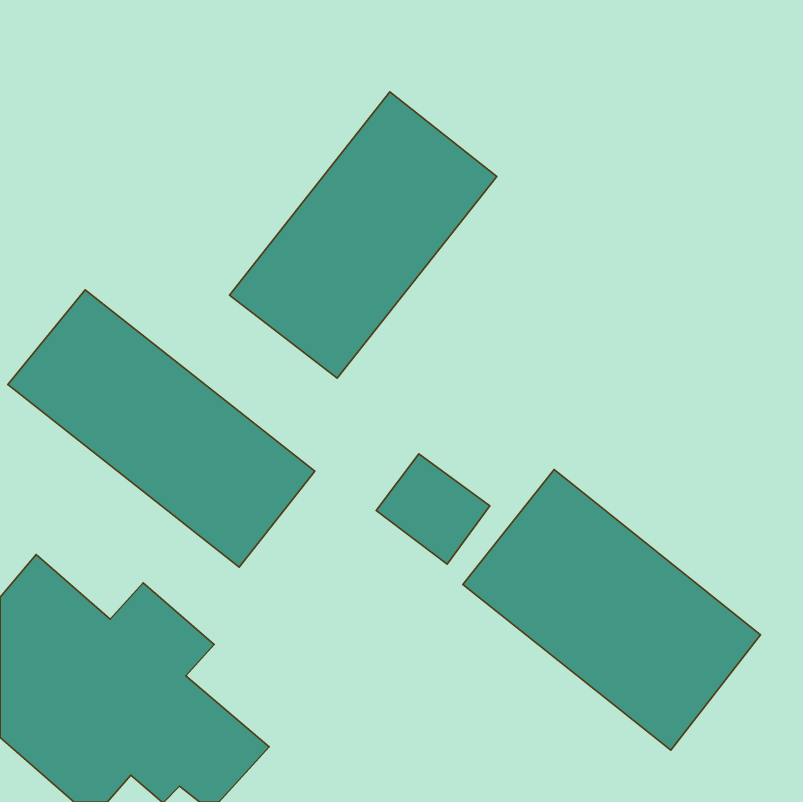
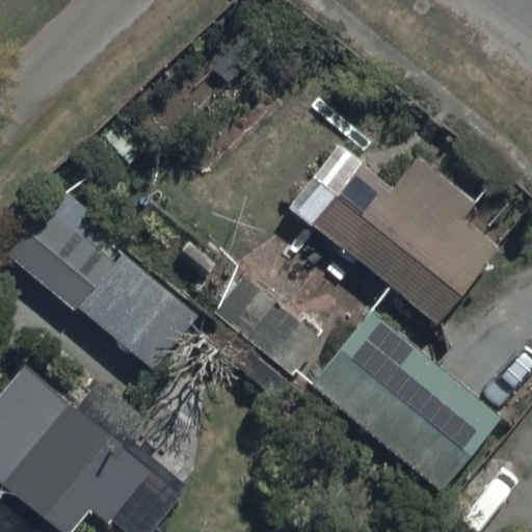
building: [229,92,497,378] -> none
building: none -> [286,147,498,326]

